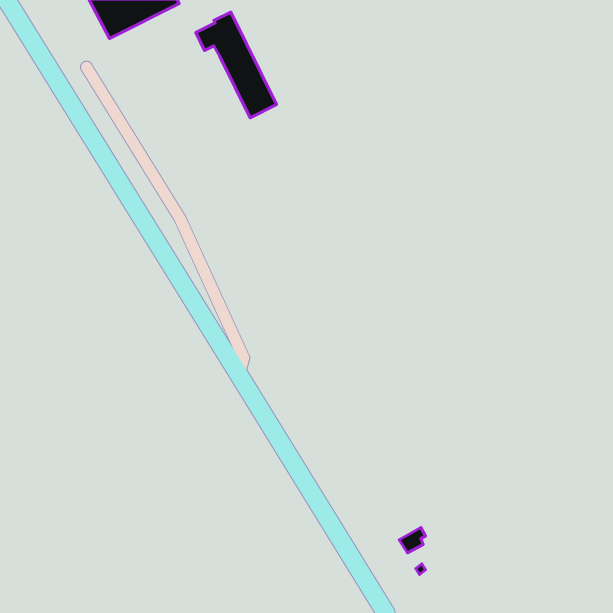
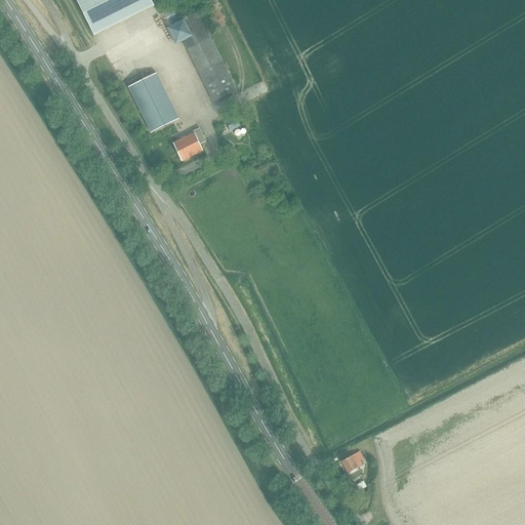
building: none -> [127,72,177,131]
building: none -> [173,126,207,160]

